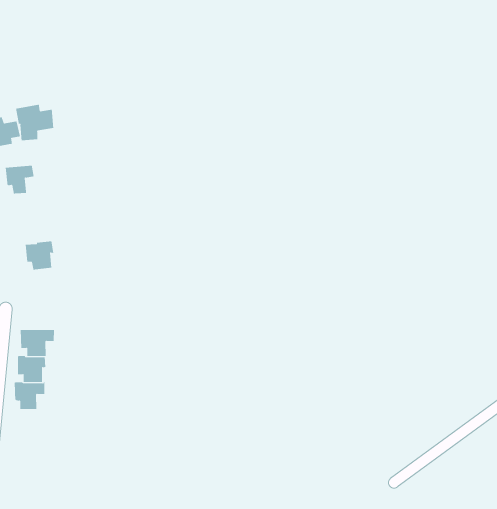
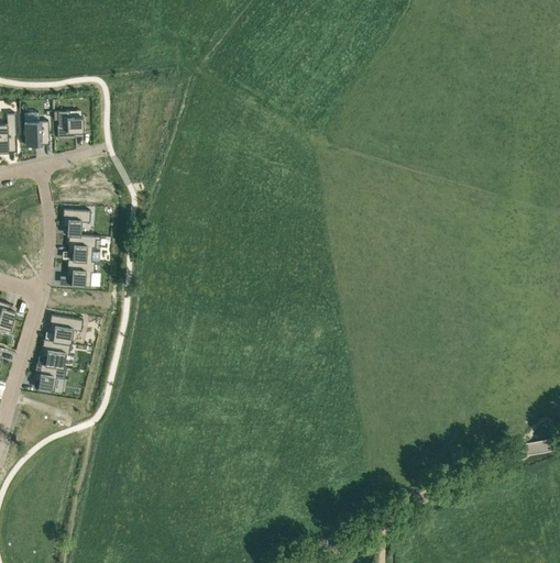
building: [15,104,54,141] -> none
building: [5,165,35,194] -> [63,209,90,236]
building: none -> [66,260,95,287]

